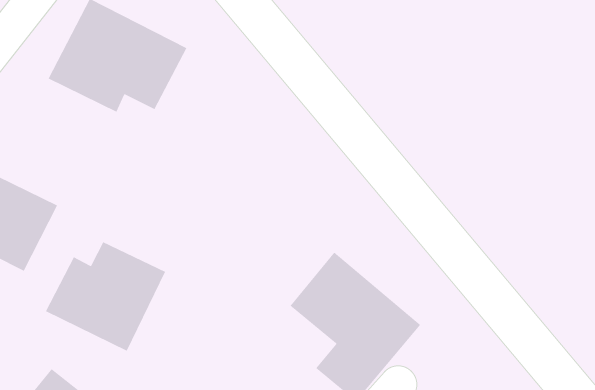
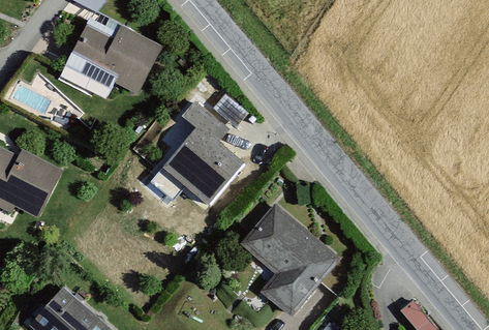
building: none -> [160,101,243,208]
building: [45,241,166,352] -> none

